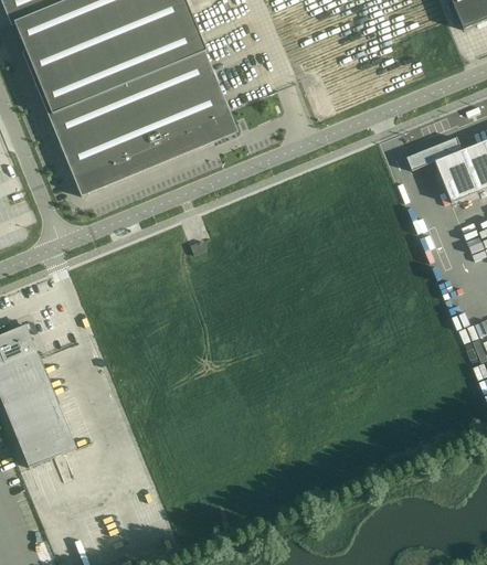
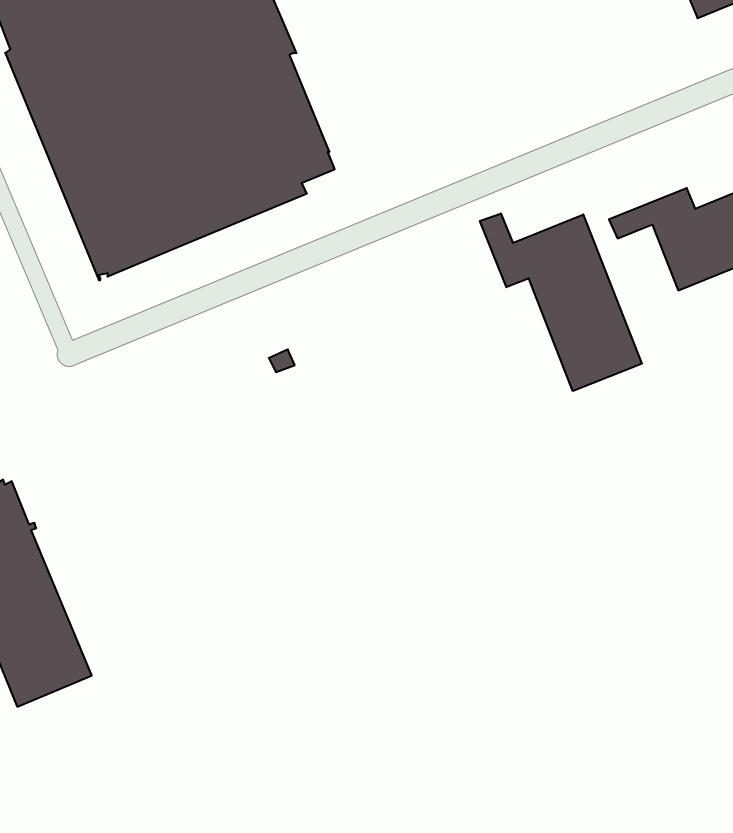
building: none -> [480,213,642,391]

